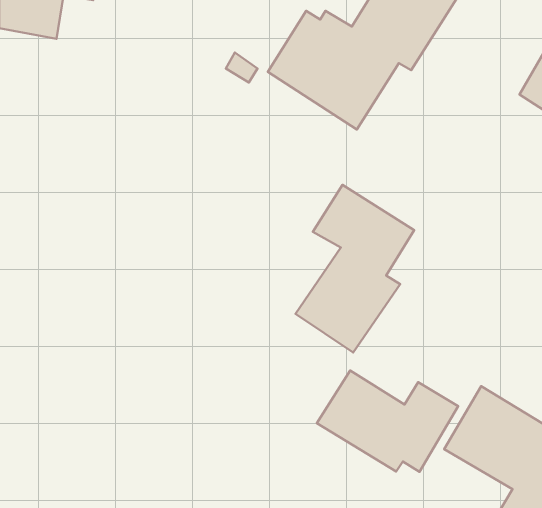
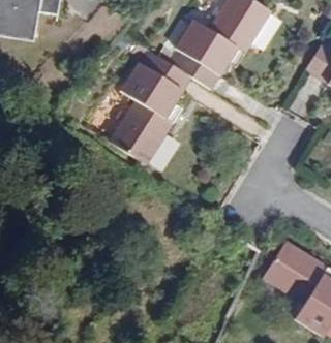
building: [295,185,414,352] -> [111,65,181,164]
building: [317,370,458,472] -> none

